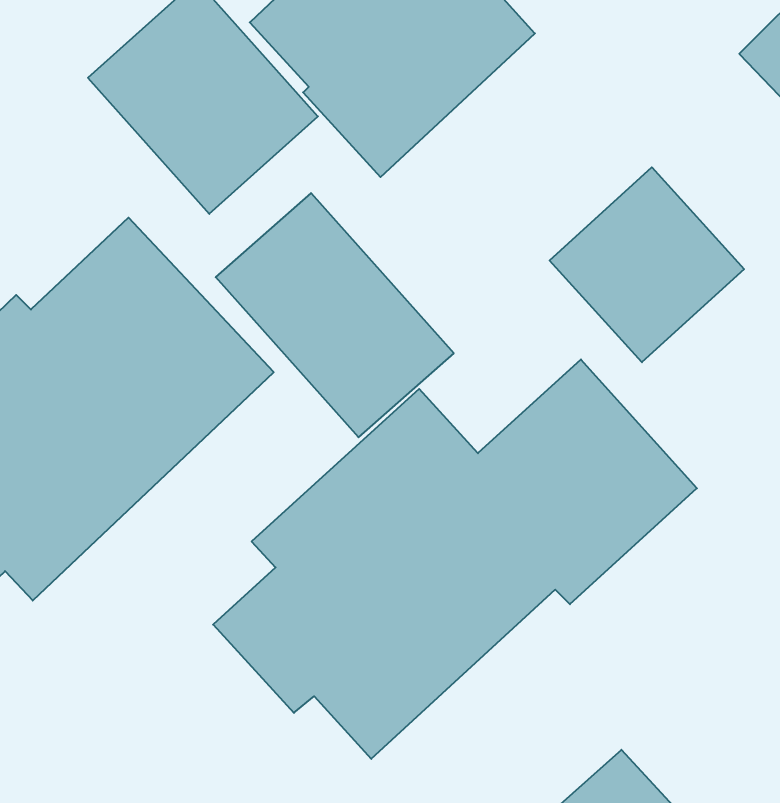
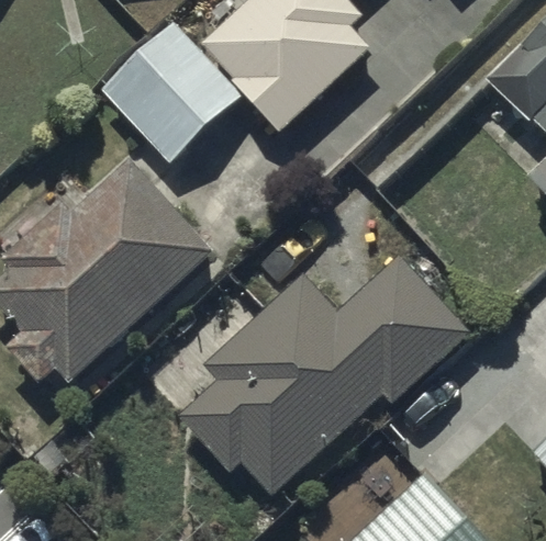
building: [550,167,744,362] -> none
building: [216,193,454,437] -> none

